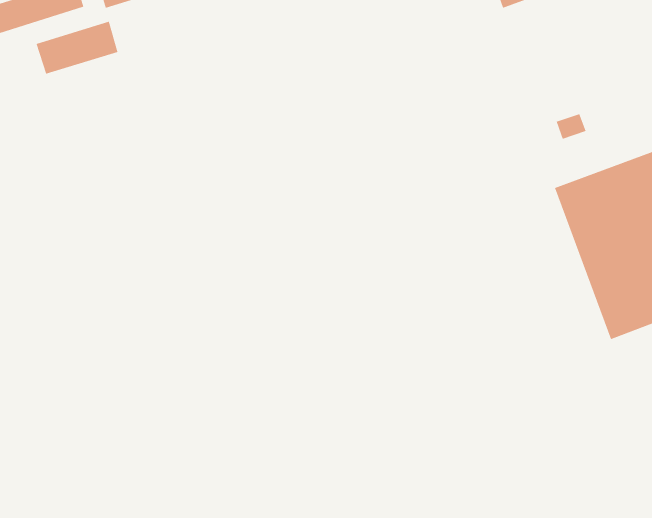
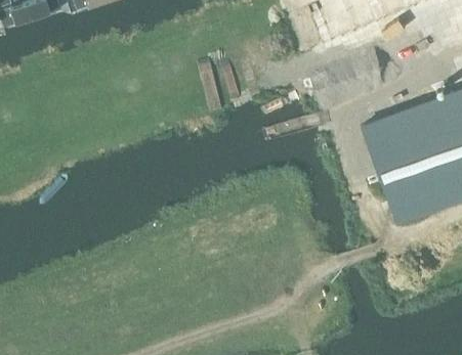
building: [36,21,118,74] -> none

